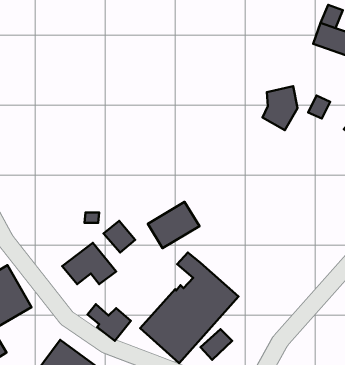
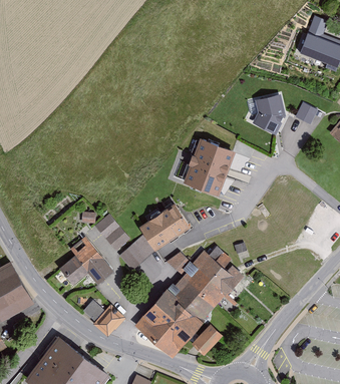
building: none -> [180,136,235,194]
building: none -> [119,236,155,271]
building: none -> [192,246,244,294]

